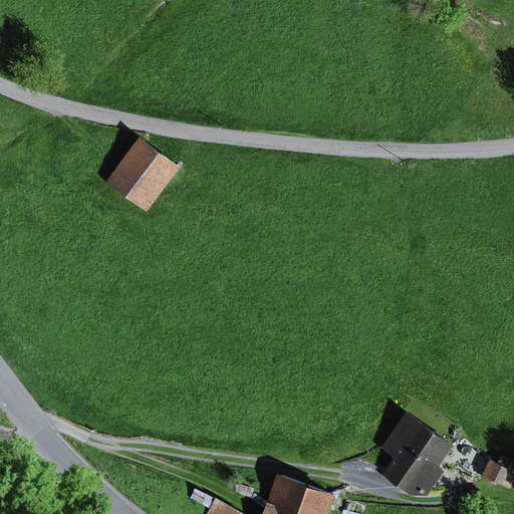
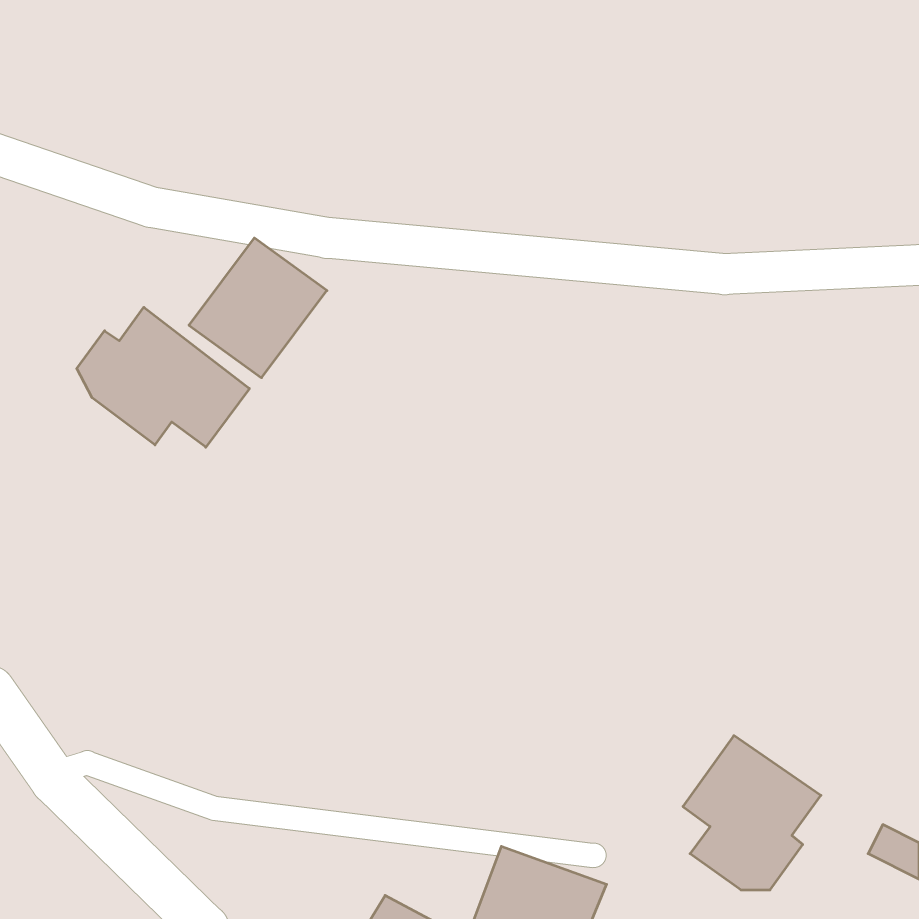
building: none -> [77,307,249,447]

